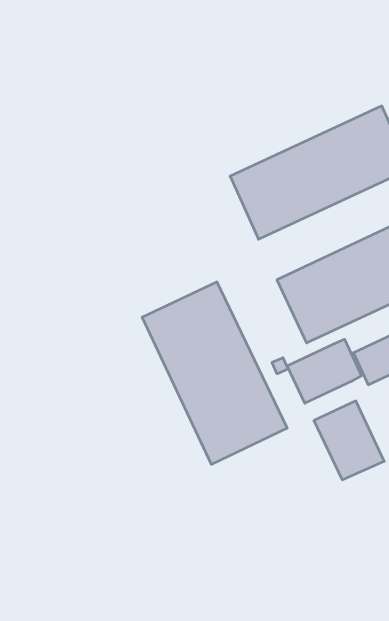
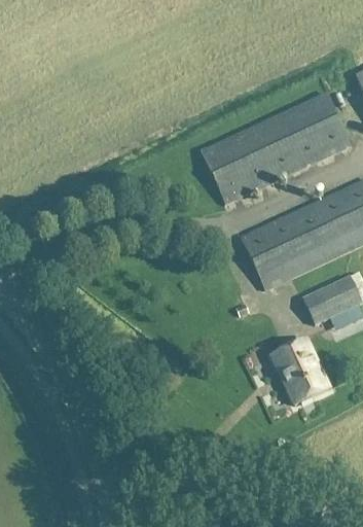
building: [142,282,287,464] -> none
building: [287,339,361,403] -> none

